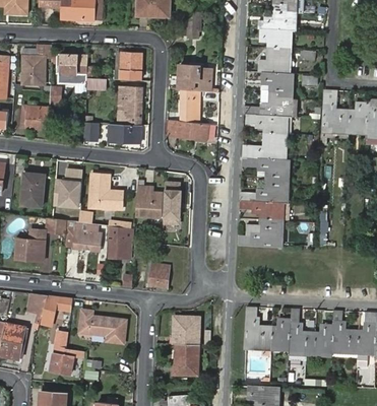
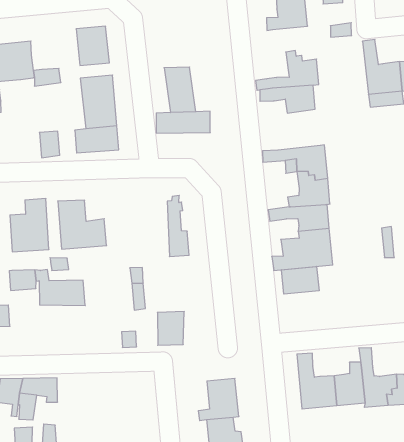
building: [177,65,214,92] -> none
building: [260,73,291,98] -> none
building: [242,134,284,160] -> none
building: [136,187,164,218] -> none
building: [109,228,133,258] -> none
building: none -> [281,266,319,294]
building: [78,311,126,343] -> none

